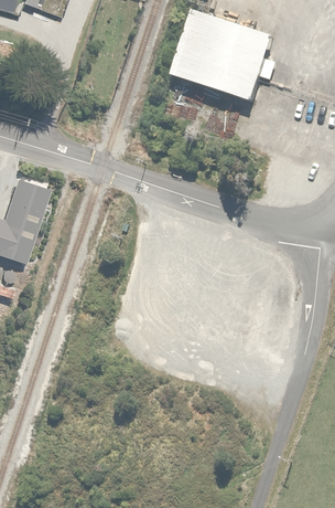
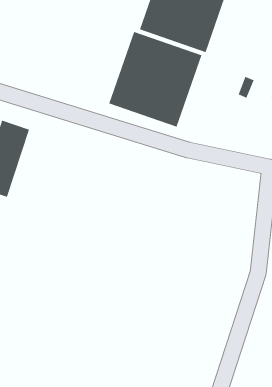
building: none -> [109,31,202,127]

